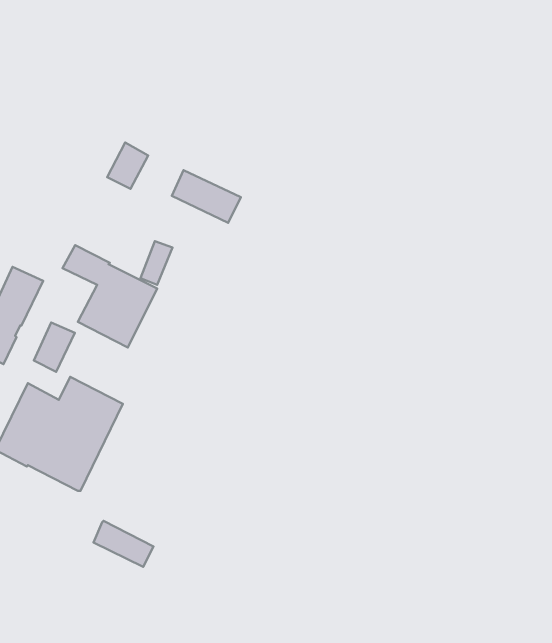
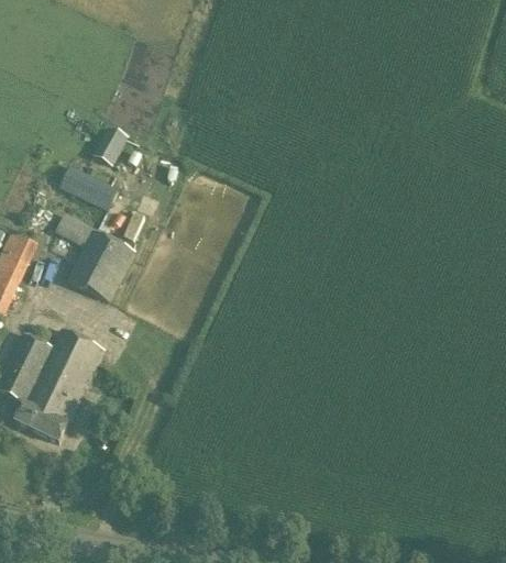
building: [172,170,241,223] -> [60,165,120,210]
building: [34,323,75,372] -> none
building: [93,521,153,567] -> [16,401,68,441]

